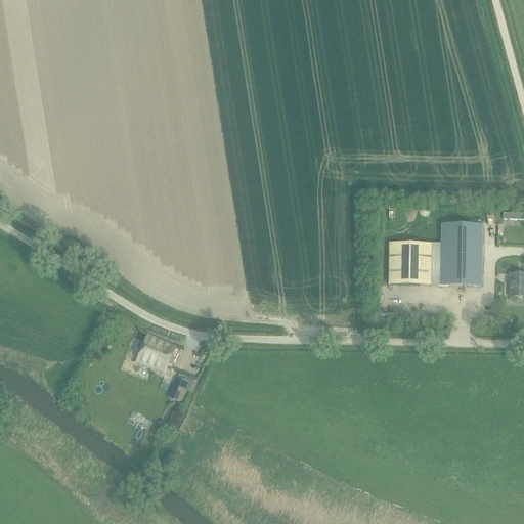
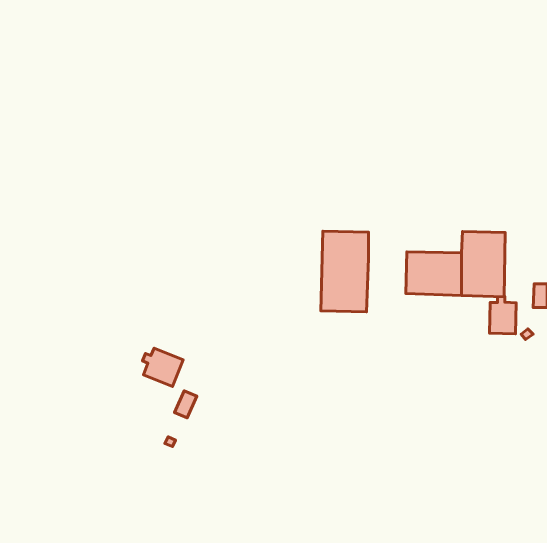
building: none -> [321,231,369,312]
building: none -> [490,297,516,334]

